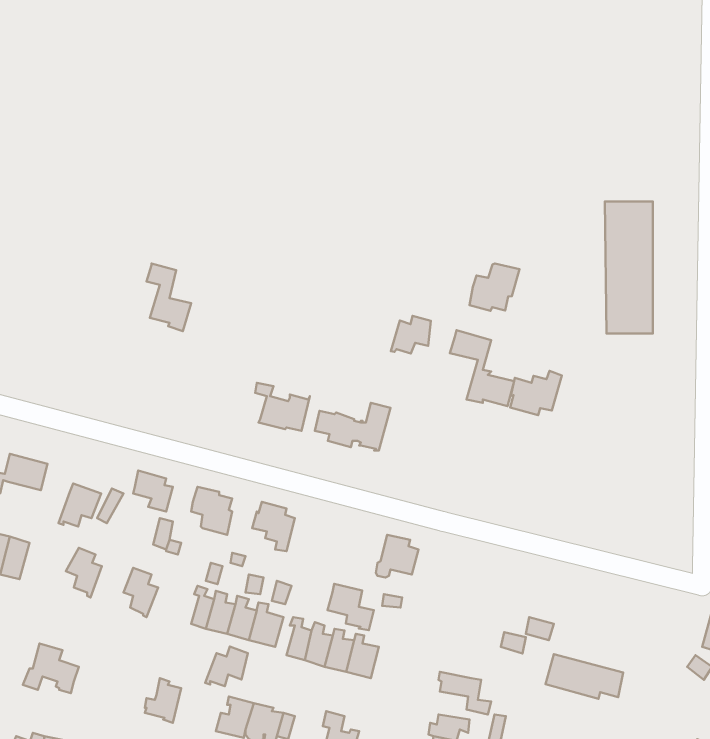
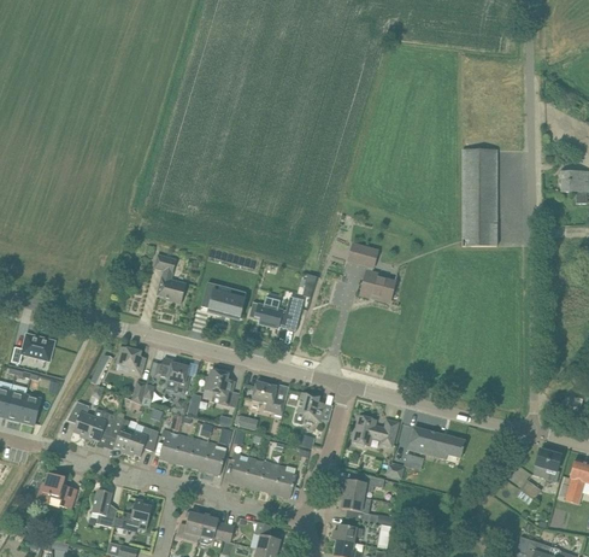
building: [147,263,191,331] -> [154,253,187,303]
building: [469,264,520,311] -> none
building: [391,316,431,353] -> none
building: [510,371,562,415] -> none
building: [58,484,101,527] -> [86,409,117,440]
building: none -> [355,415,397,445]
building: [328,584,374,630] -> [252,380,285,414]
building: none -> [341,471,384,497]
building: [205,647,248,686] -> [126,426,158,455]
building: [546,654,623,699] -> [408,426,465,458]
building: none -> [92,488,116,526]

